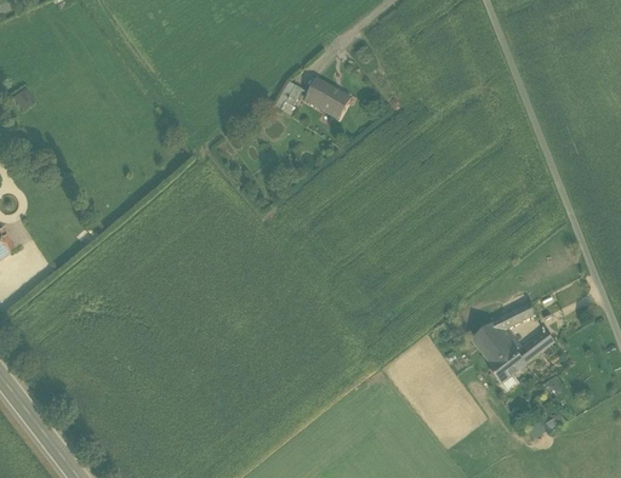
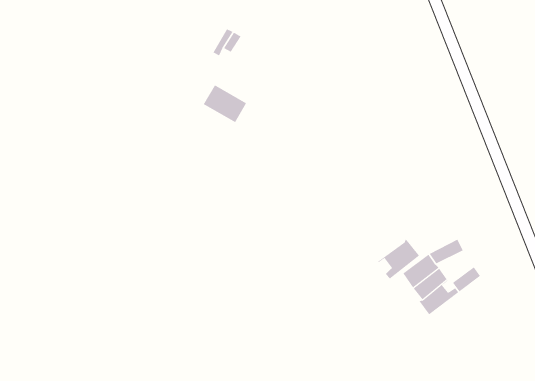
building: [302,74,348,114] -> [203,85,247,123]
building: none -> [377,238,420,280]

